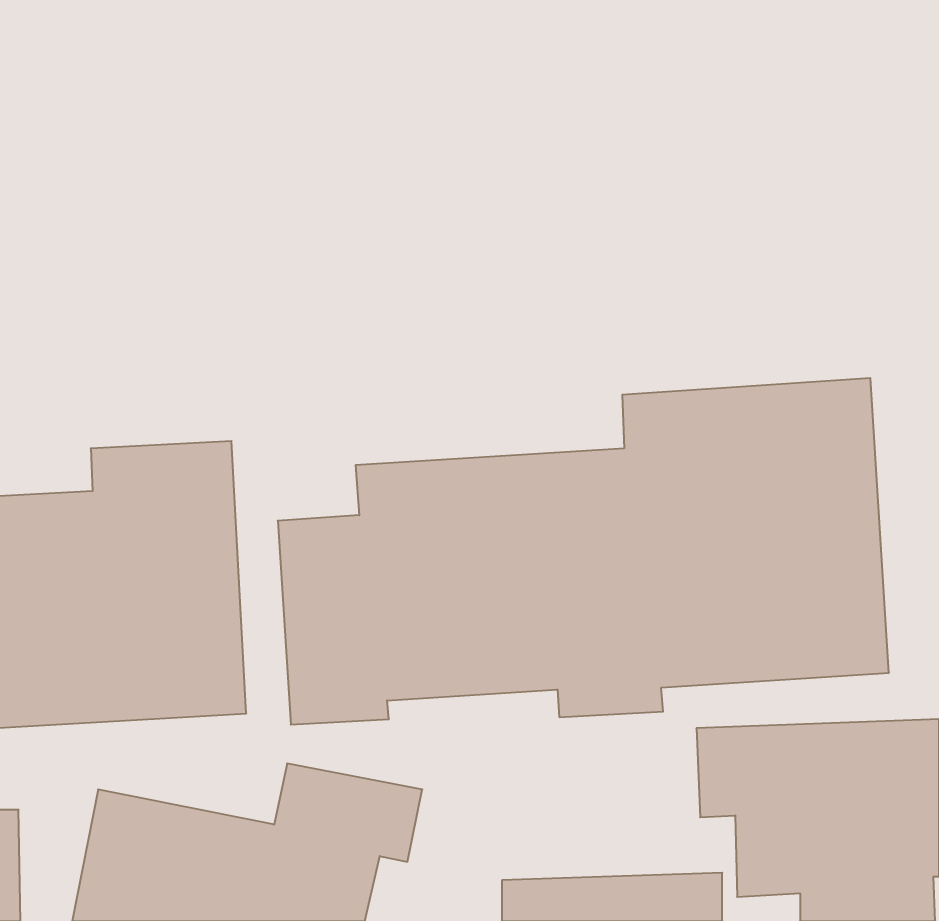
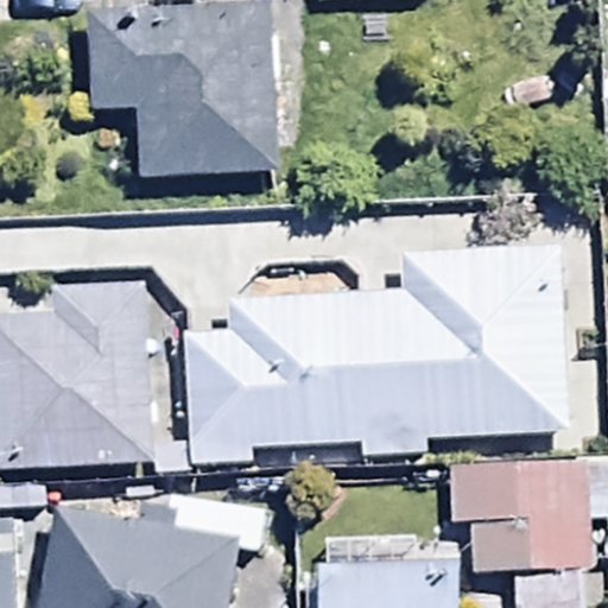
building: none -> [93,5,272,176]

